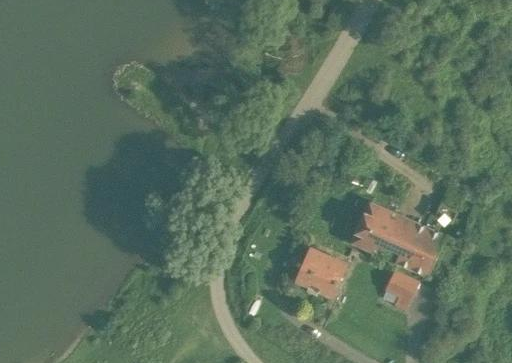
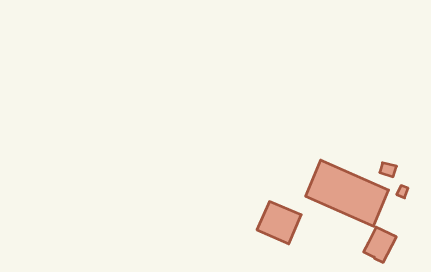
building: [380,271,417,311] -> [364,227,396,262]

